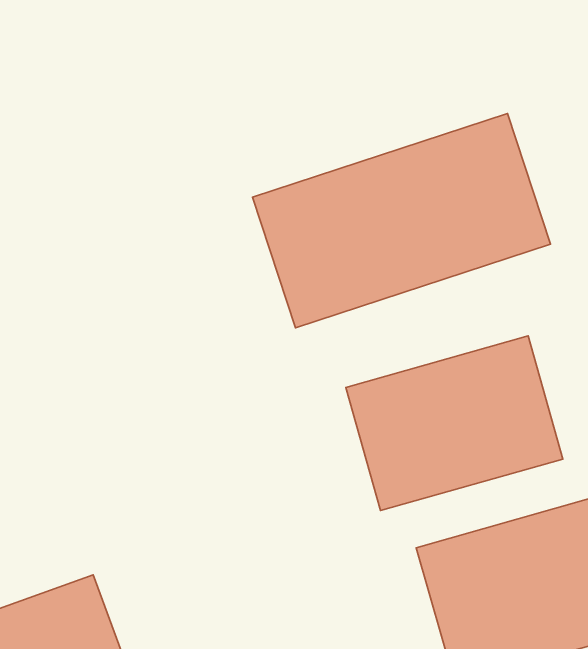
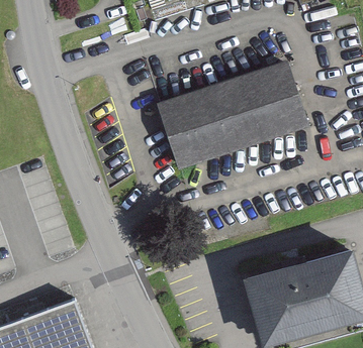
building: [346,336,563,511] -> none

